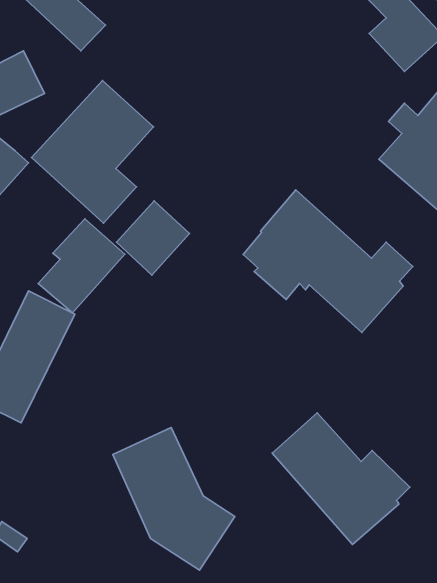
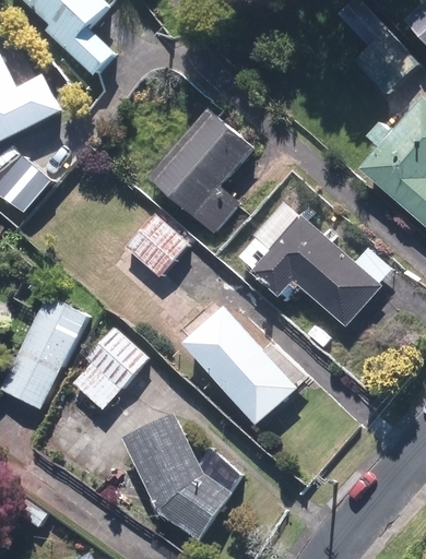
building: [32,81,154,223] -> [145,107,255,235]
building: [38,219,125,313] -> [71,325,149,409]
building: [272,413,410,545] -> [182,307,306,425]

